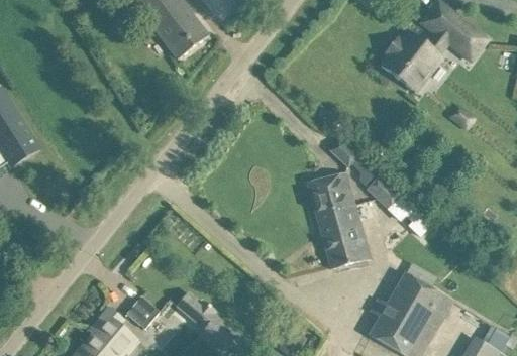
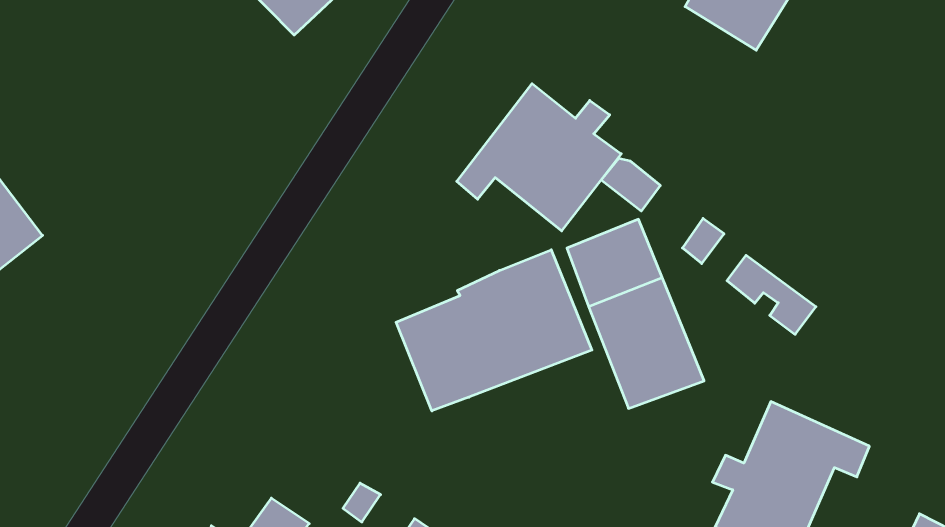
building: none -> [457,84,621,231]
building: none -> [396,250,592,411]

